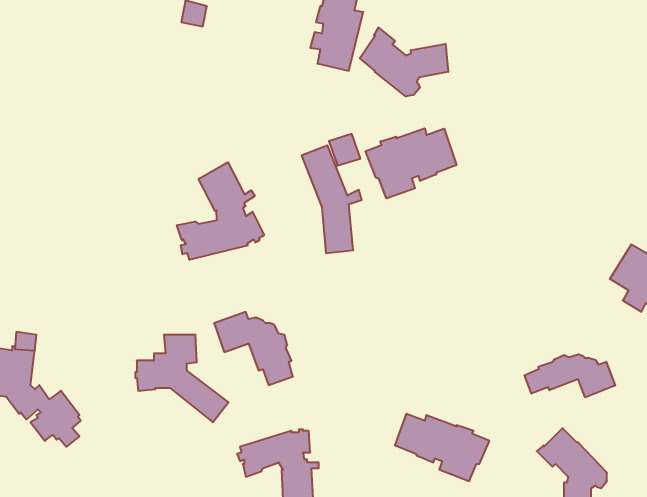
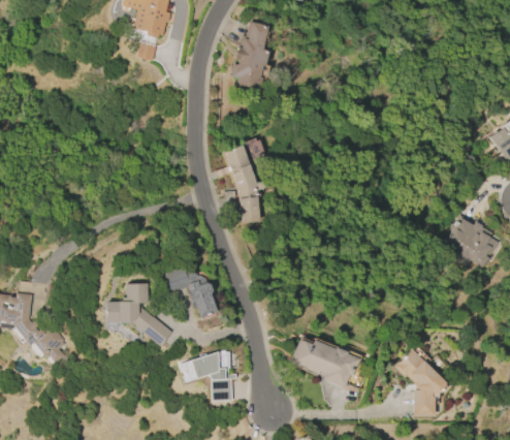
building: [360,27,448,96] -> none
building: [366,128,456,198] -> none
building: [177,162,264,260] -> none
building: [524,354,615,397] -> none

